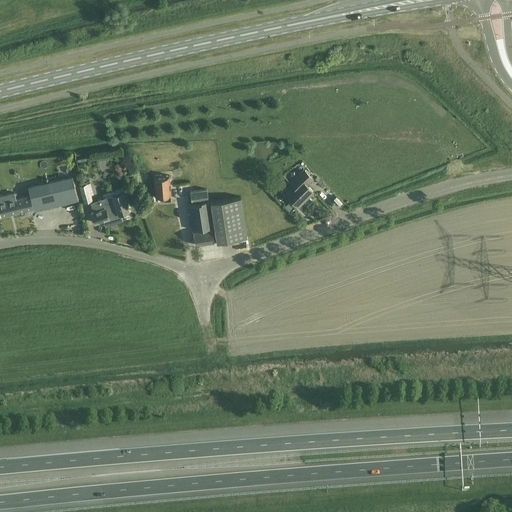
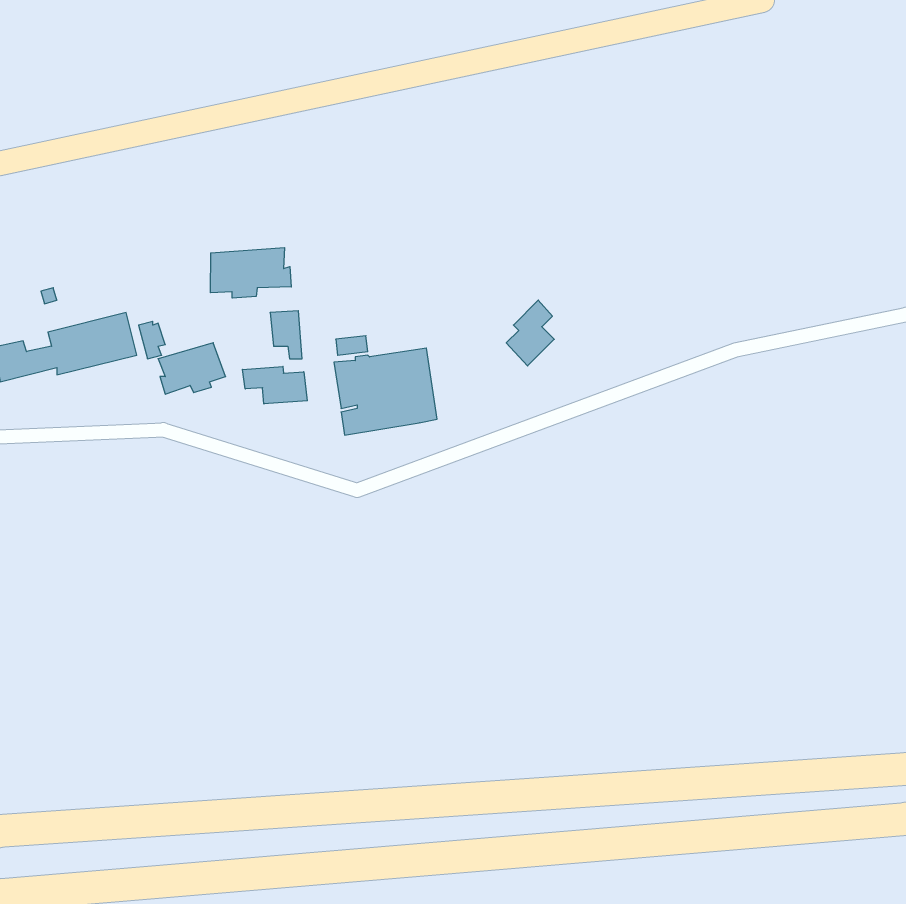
building: none -> [210,248,291,298]
building: none -> [242,366,307,404]

